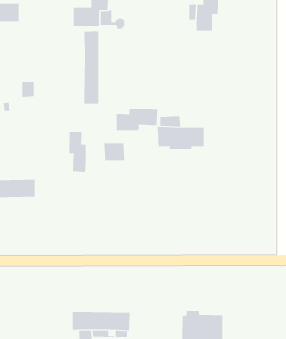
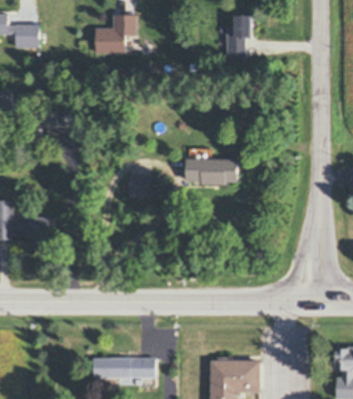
building: [84,31,99,105] -> none
building: [116,108,158,131] -> none
building: [69,131,86,173] -> none

